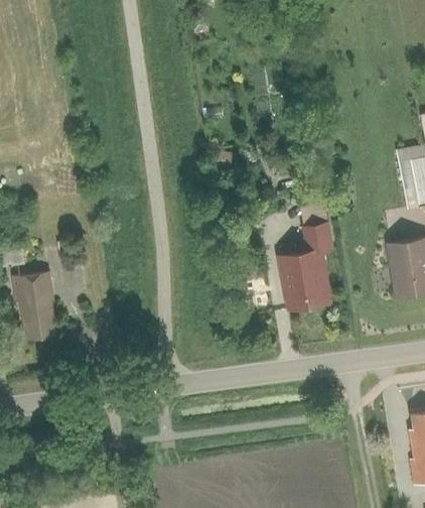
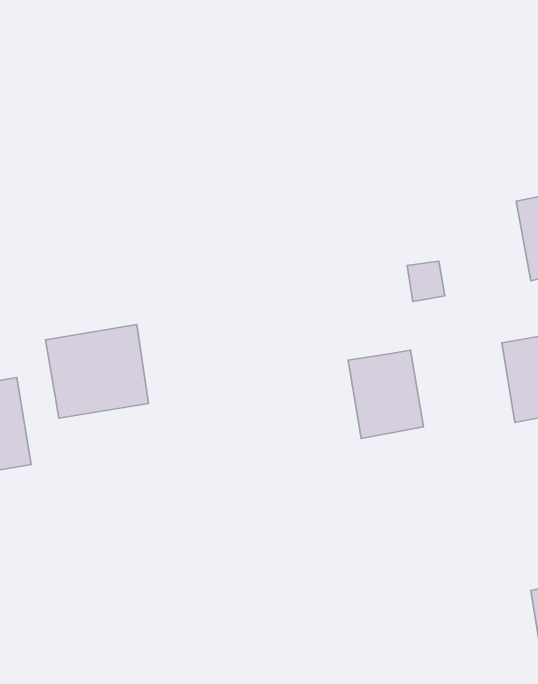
building: [307,225,333,253] -> [407,261,445,302]
building: none -> [45,325,149,418]

